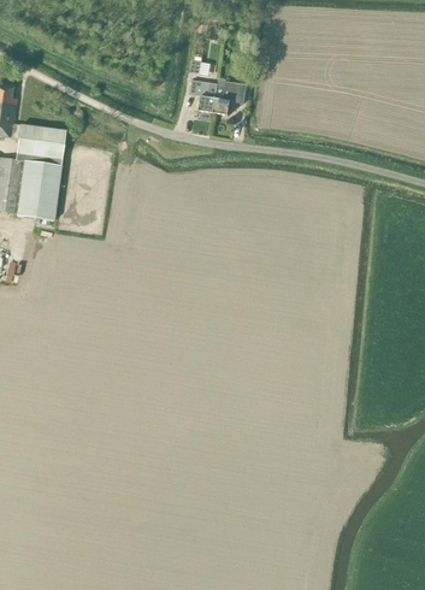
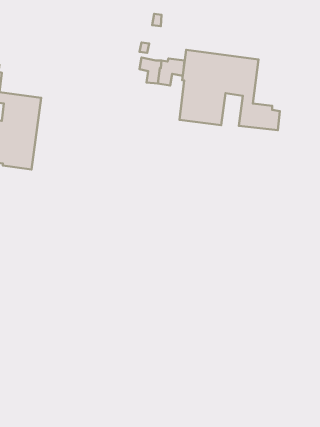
building: none -> [180,50,280,130]

